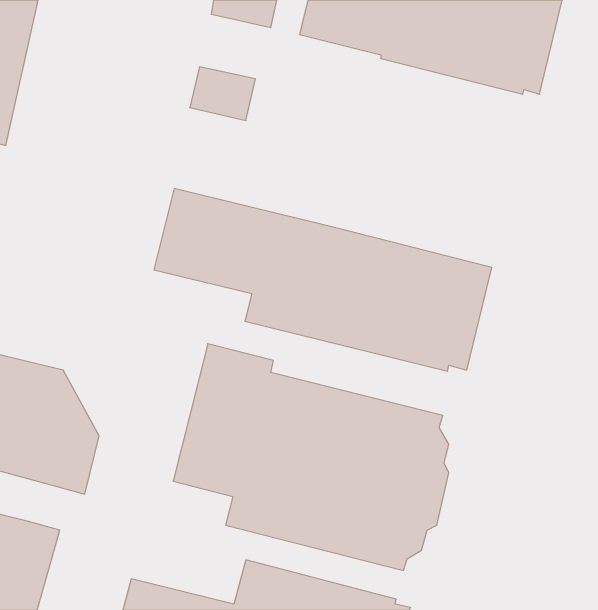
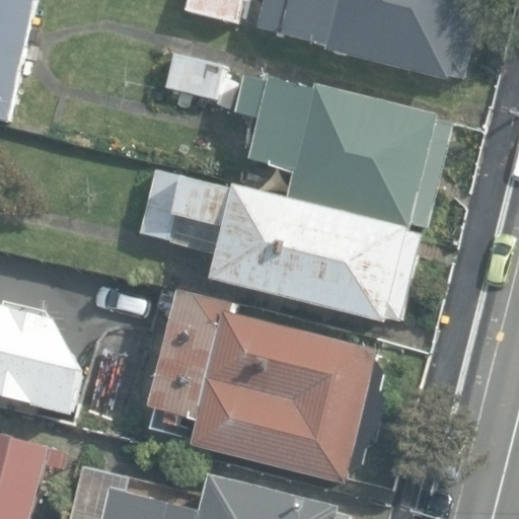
building: none -> [227,71,445,227]

